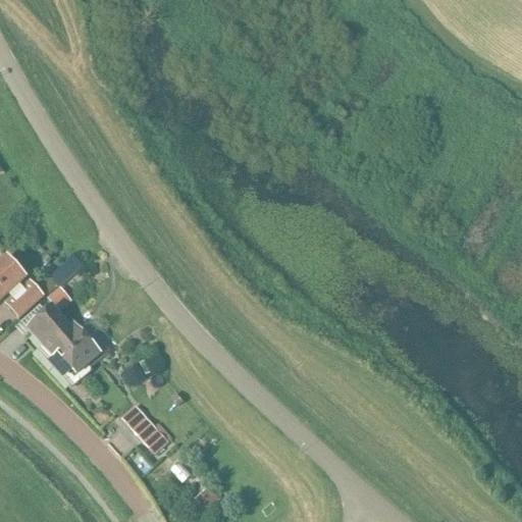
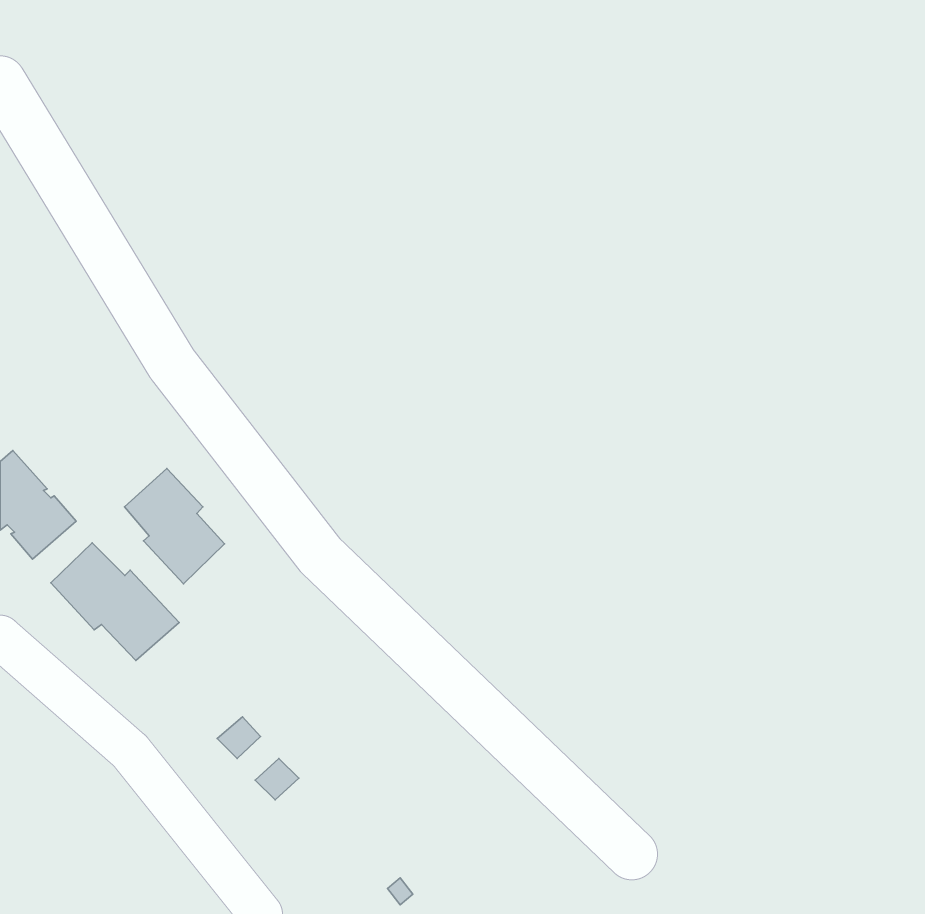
building: none -> [125,469,224,584]

